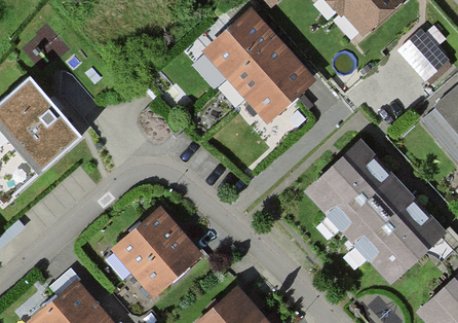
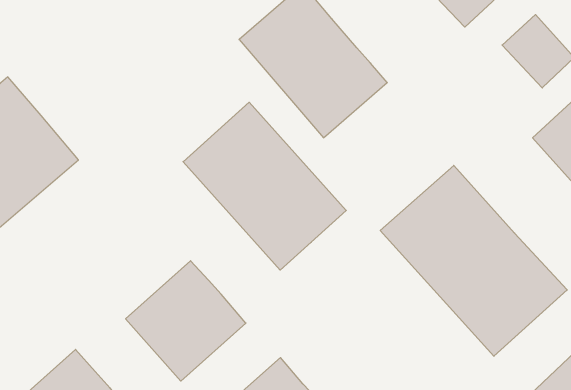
building: none -> [183,102,346,270]

